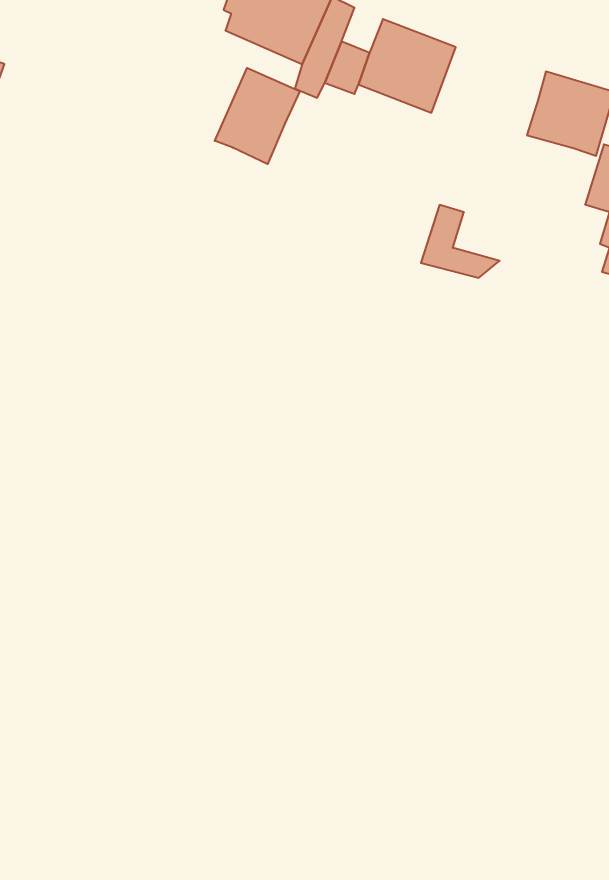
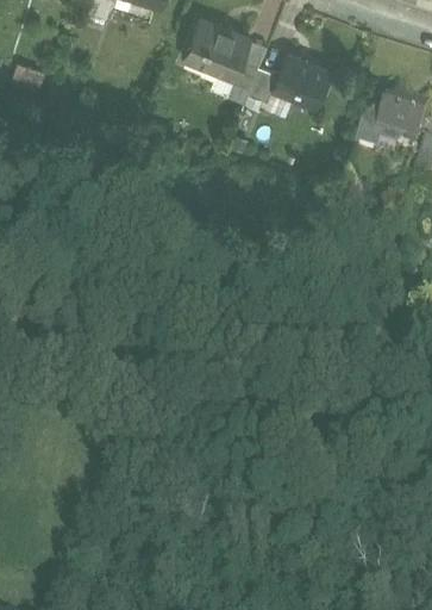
building: [215,68,300,164] -> none
building: [421,205,500,278] -> [353,99,403,145]

